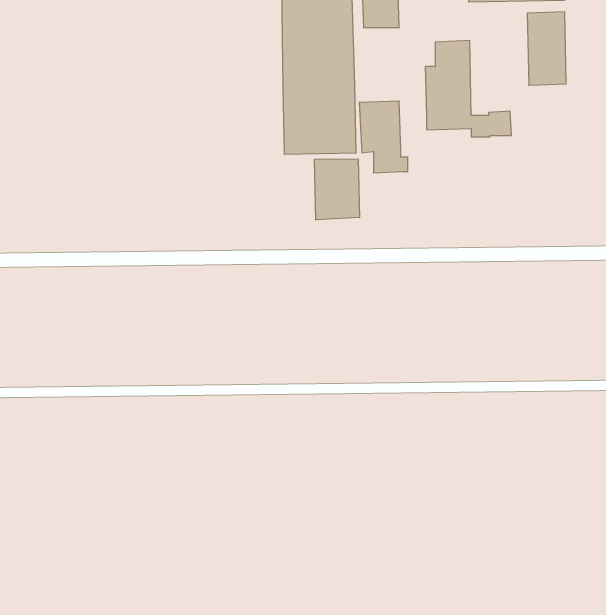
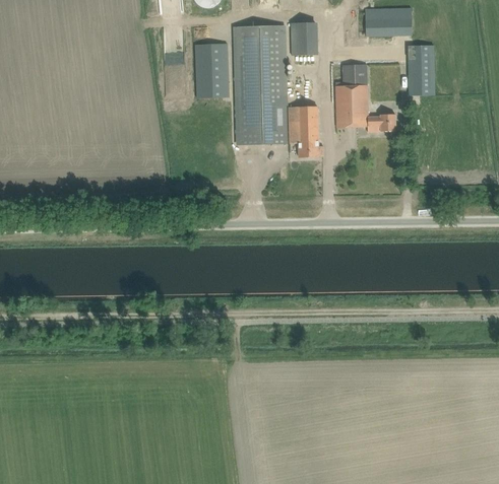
building: none -> [194,45,229,98]
building: [314,159,359,220] -> none

